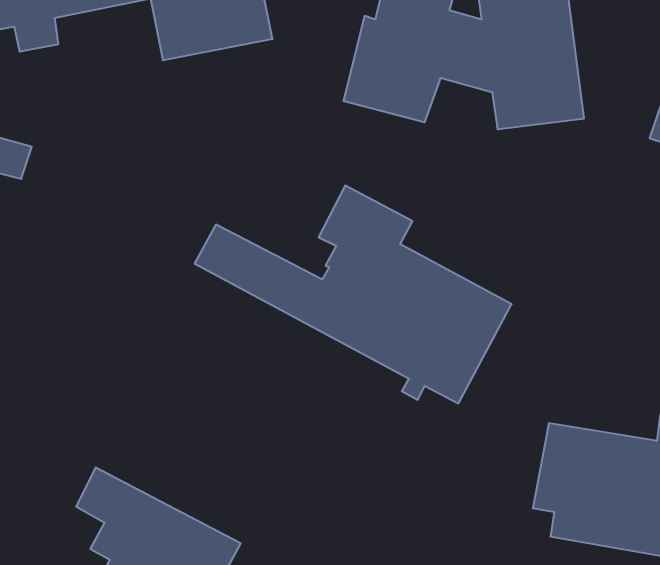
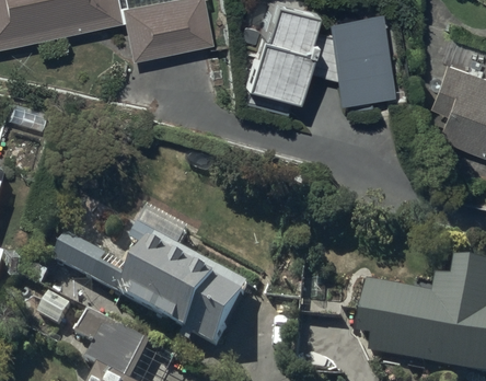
building: [195,186,512,403] -> [56,215,252,349]

